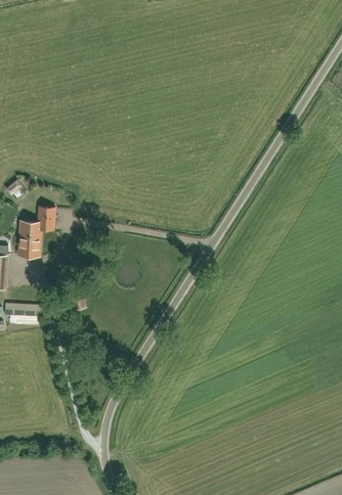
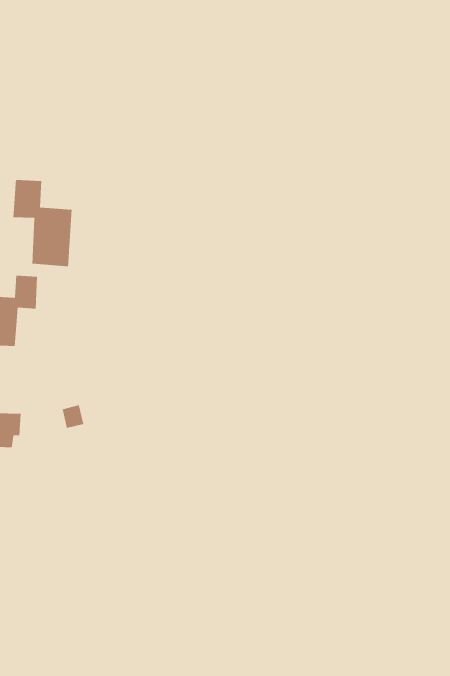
building: none -> [13,179,72,267]

